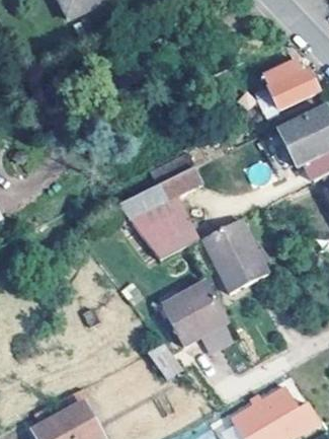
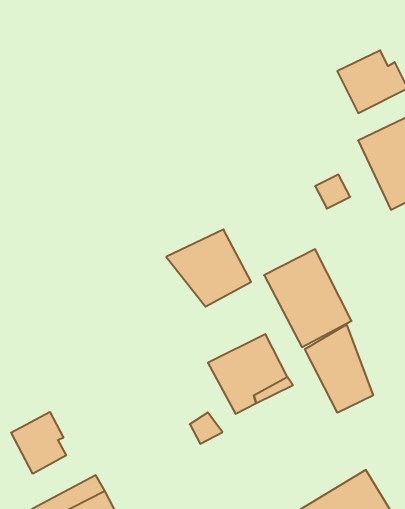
building: [117,166,202,221] -> none
building: none -> [305,324,373,413]
building: none -> [11,412,66,474]

